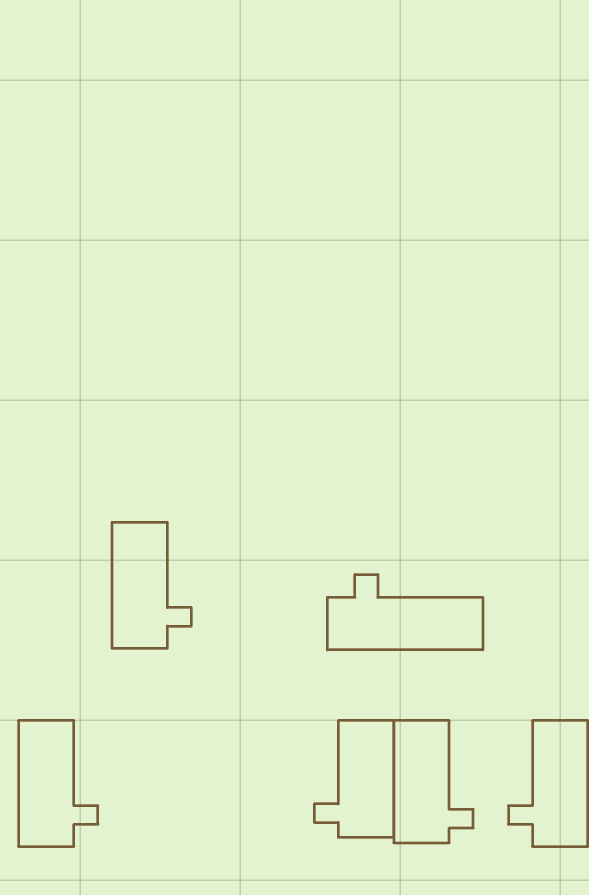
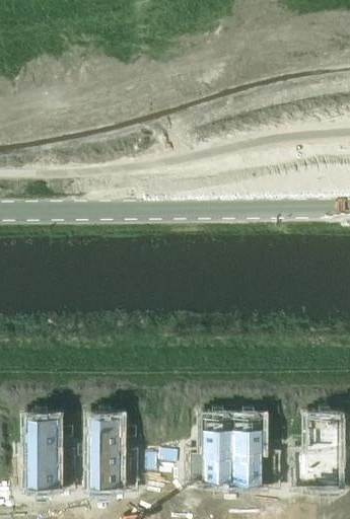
building: [112,522,191,648] -> [92,417,136,486]
building: [327,574,483,650] -> none

